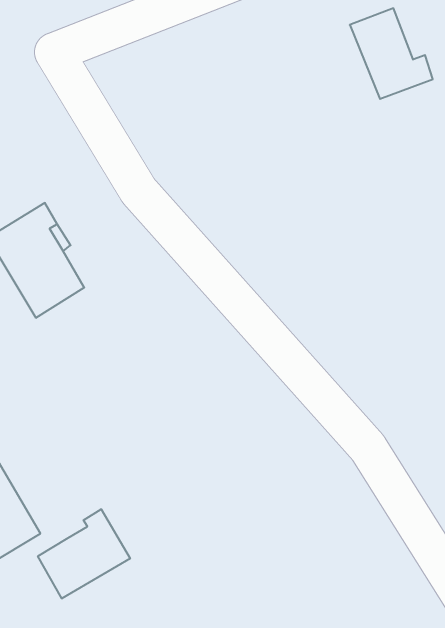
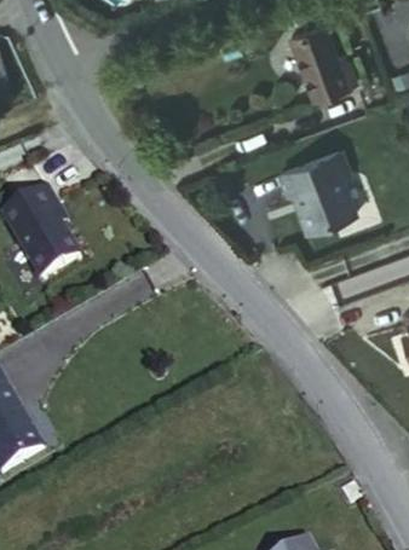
building: none -> [281,151,358,232]
building: [38,509,130,599] -> none

